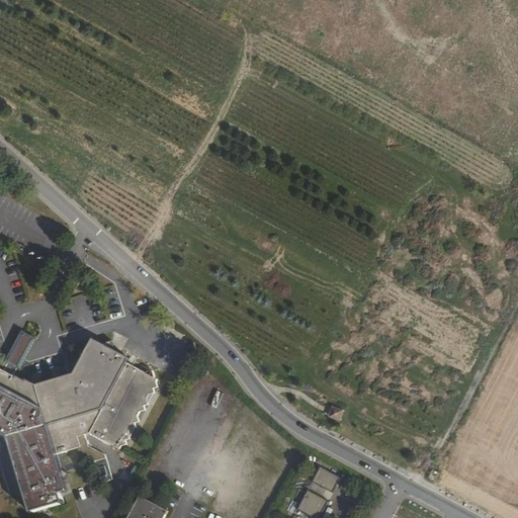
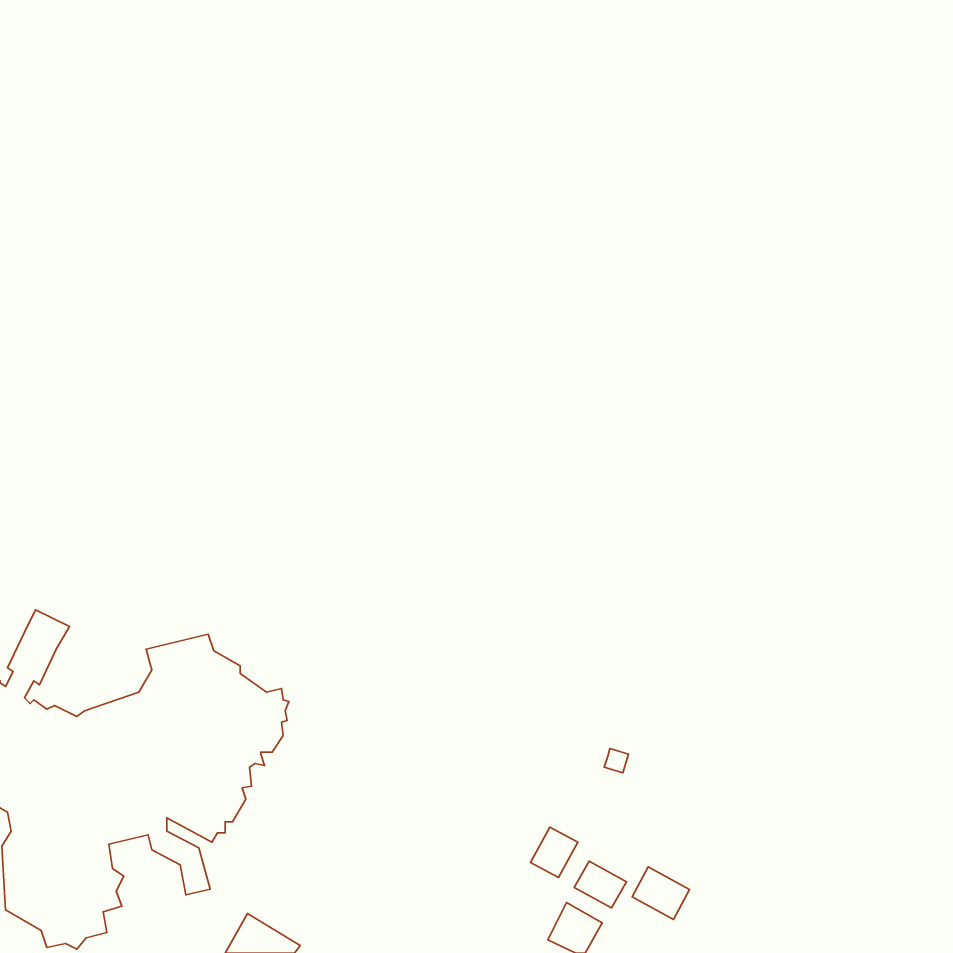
building: none -> [530,827,578,877]
building: none -> [632,867,689,920]

